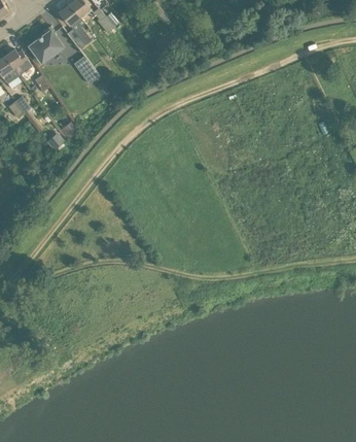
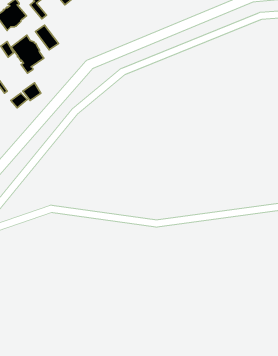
building: none -> [11,35,44,73]

